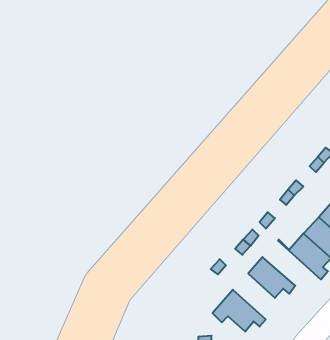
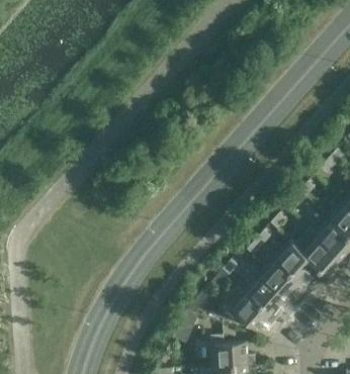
building: none -> [274,242,332,286]
building: none -> [245,274,286,319]

